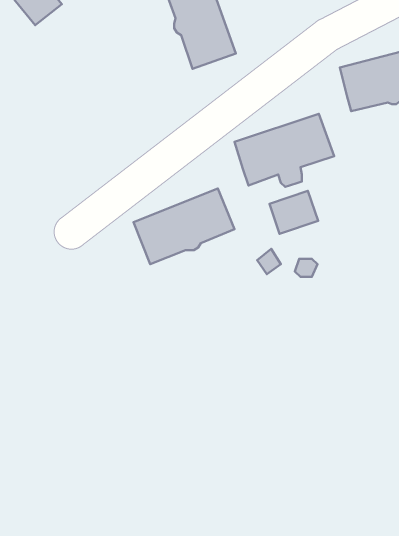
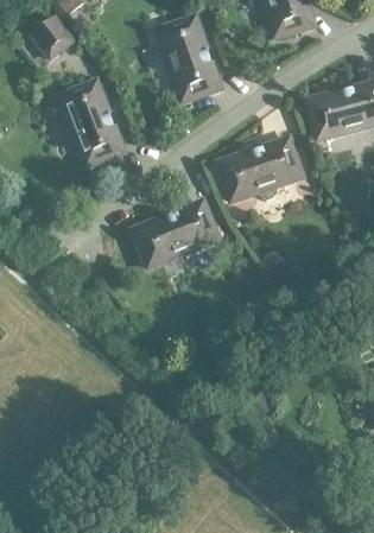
building: none -> [61,81,123,169]
building: [270,191,318,234] -> none

